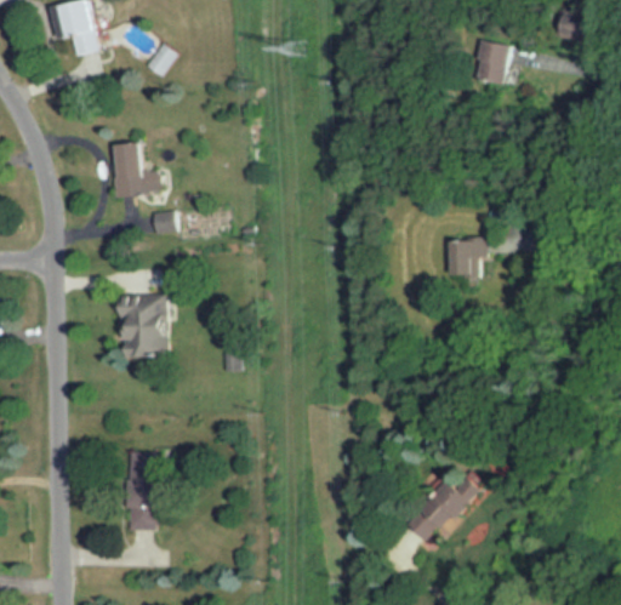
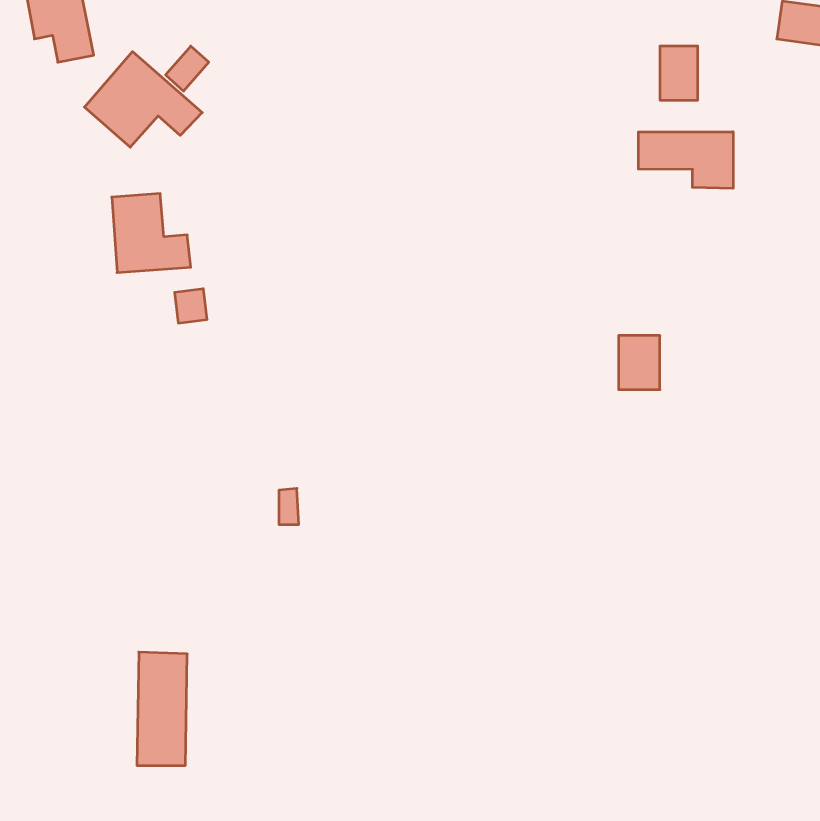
building: none -> [84,52,202,147]
building: none -> [638,132,733,188]
building: [116,295,169,358] -> none
building: [397,472,483,544] -> none

